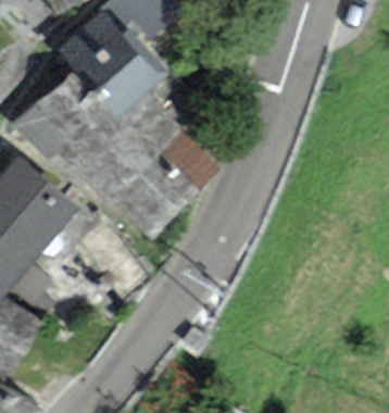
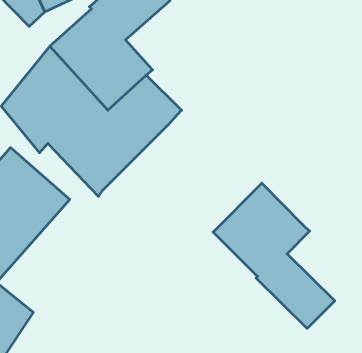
building: [114,132,224,241] -> none
building: none -> [213,183,335,328]

